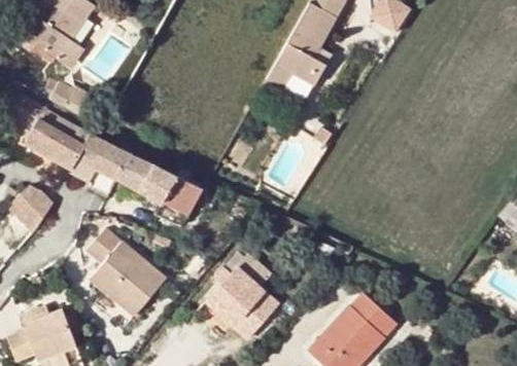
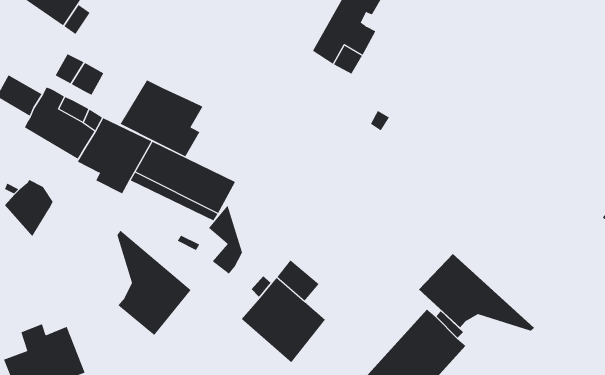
building: none -> [120,79,203,157]
building: [87,232,115,291] -> [208,204,243,275]
building: none -> [418,253,535,331]

